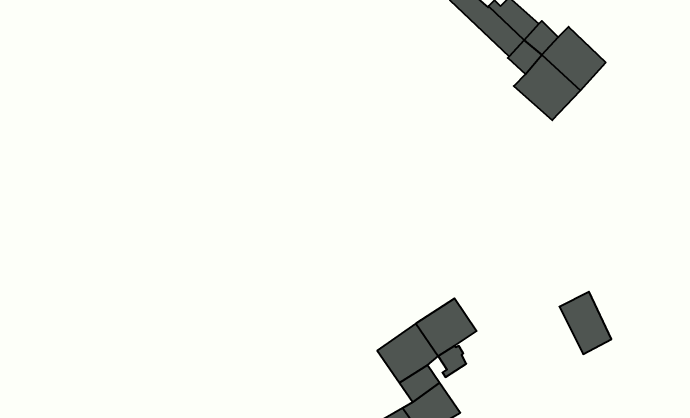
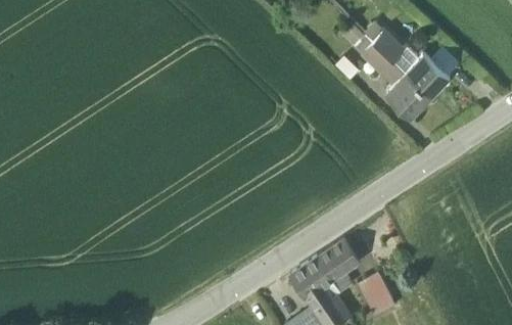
building: [559,292,611,354] -> [360,272,395,315]

